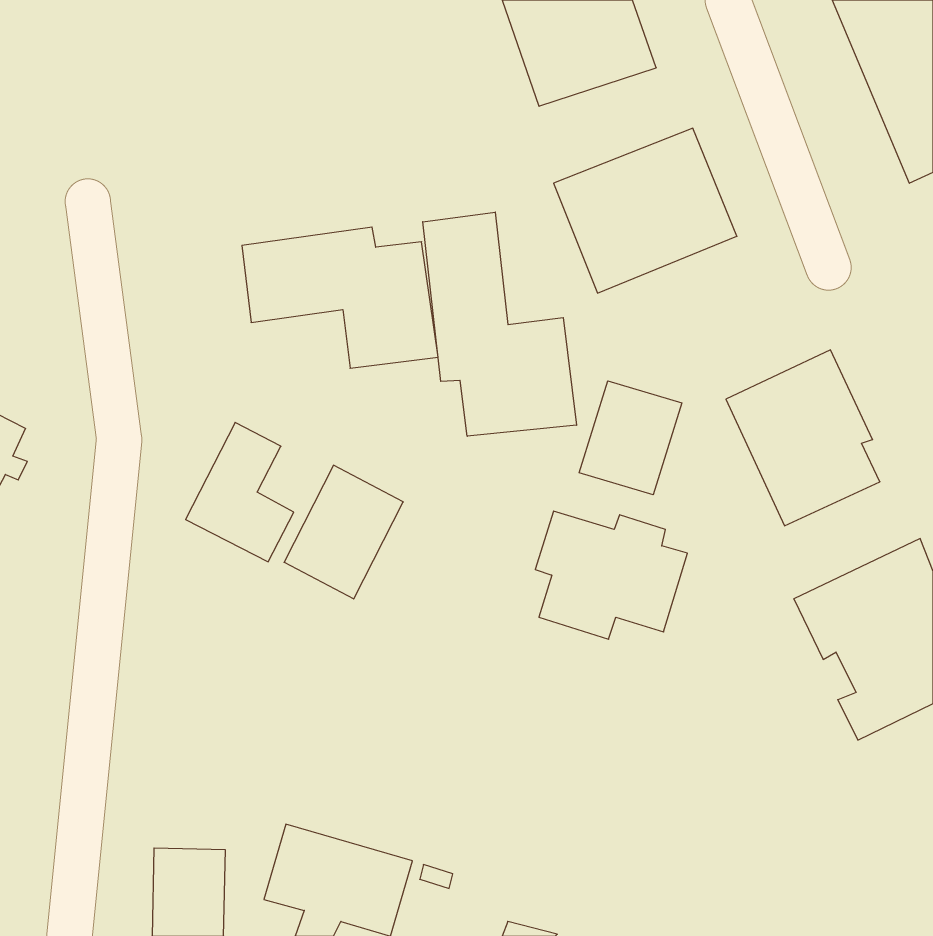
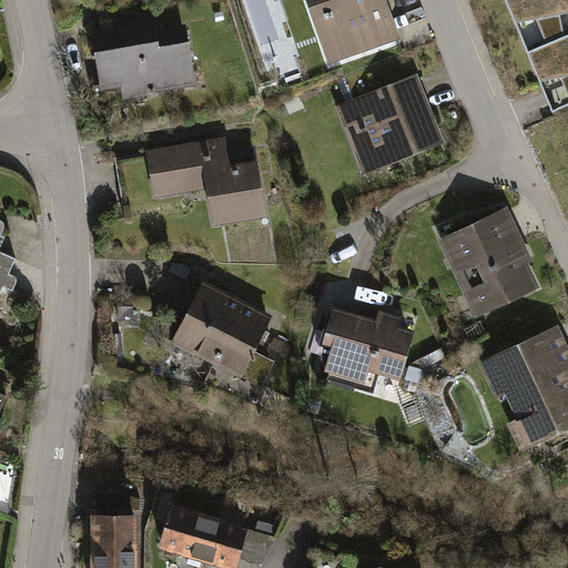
building: none -> [92,16,195,97]
building: [423,212,577,436] -> none
building: [579,381,682,495] -> none
building: [186,422,294,562] -> [214,304,280,388]

